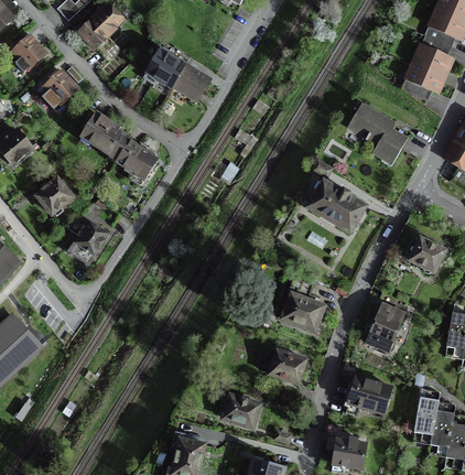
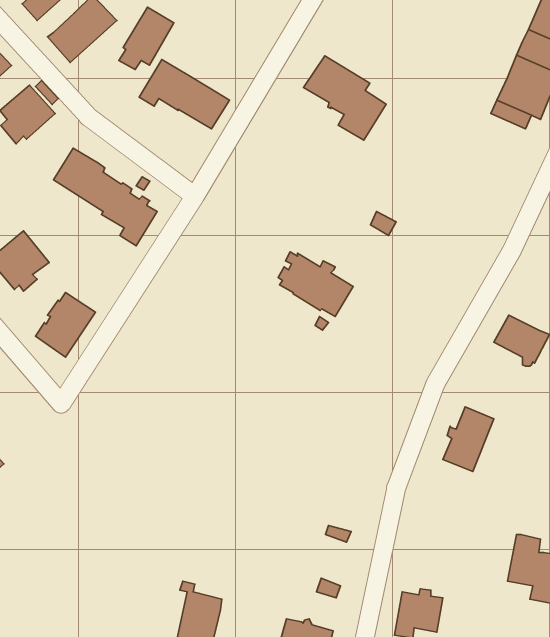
building: none -> [119,7,174,69]
building: [347,102,408,164] -> [304,56,386,140]
building: [309,181,364,228] -> [278,252,353,316]
building: [278,277,324,331] -> none
building: [261,350,305,382] -> none
building: [344,377,391,415] -> none
building: [223,396,258,427] -> none

